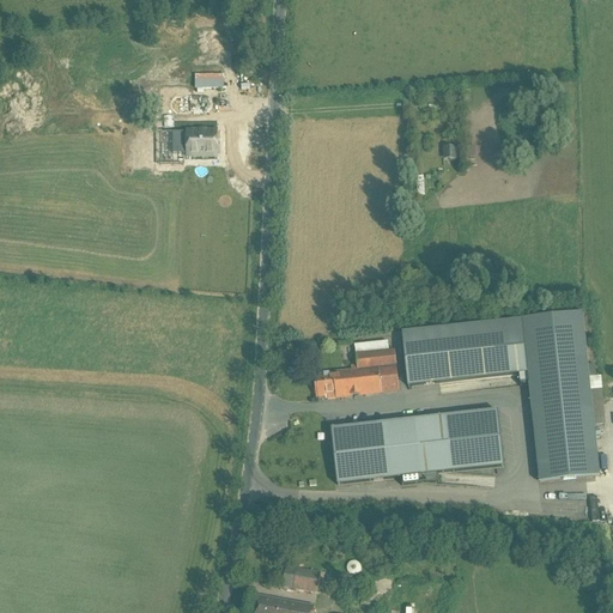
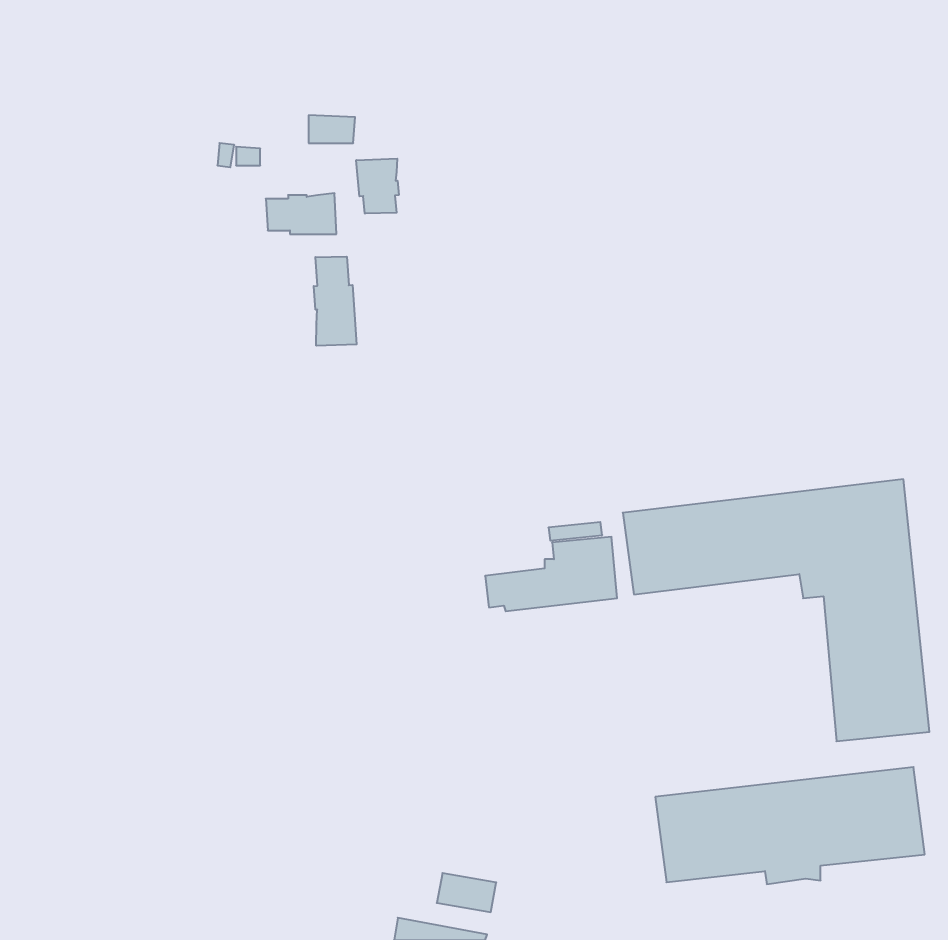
building: none -> [356,159,399,214]
building: none -> [314,257,357,346]
building: [329,406,503,481] -> [655,767,925,884]

